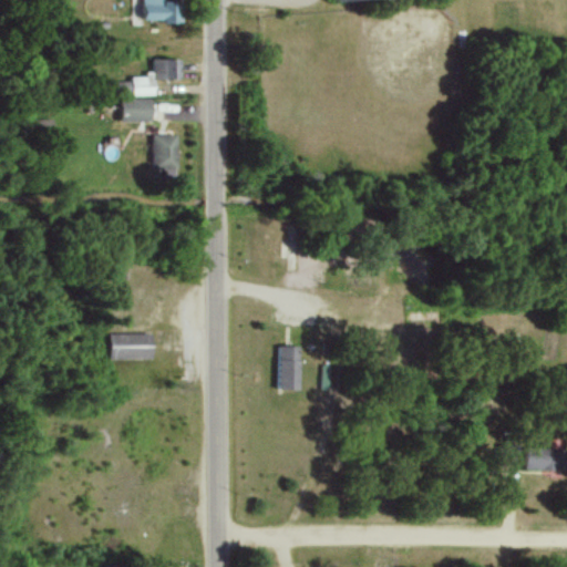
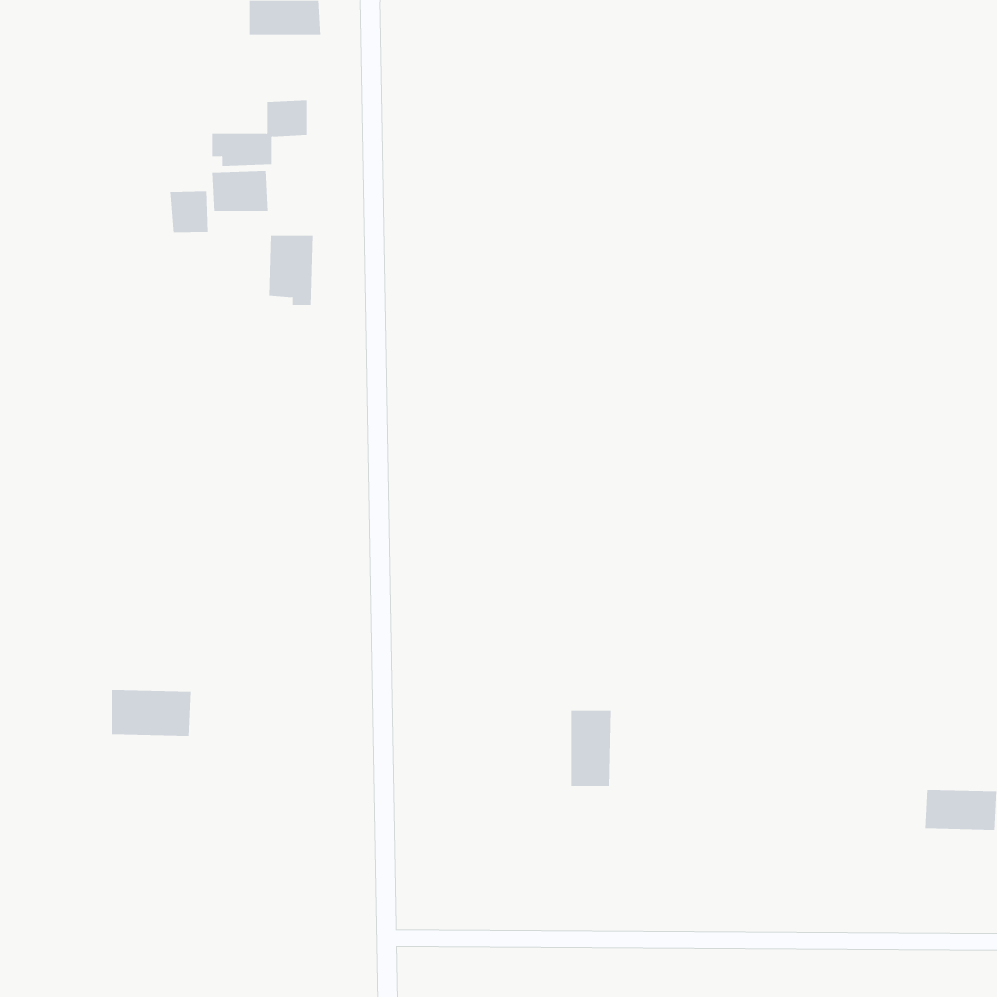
building: none -> [170,191,208,233]
building: [110,333,155,360] -> [111,689,191,736]
building: [278,347,301,390] -> [571,710,612,786]

